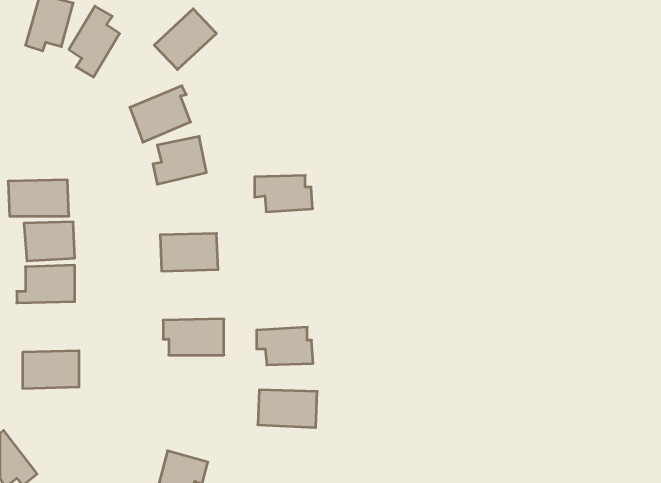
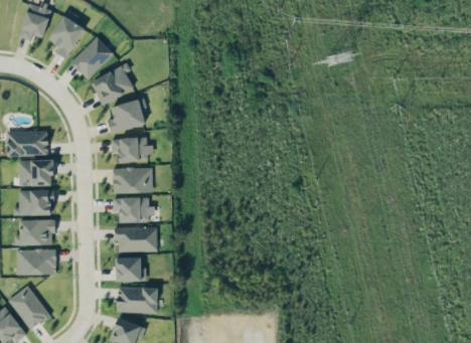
building: [154,9,216,70] -> [70,36,114,78]
building: [255,175,313,212] -> [112,137,152,162]
building: none -> [14,219,55,244]
building: [257,327,313,365] -> [114,196,153,222]
building: none -> [117,256,146,282]
building: [258,390,317,428] -> [117,287,158,313]
building: none -> [8,285,50,329]

